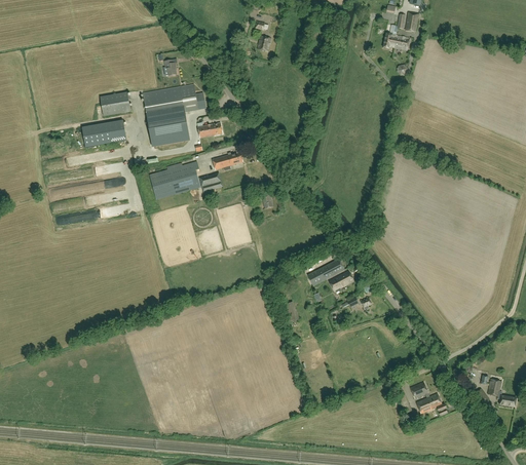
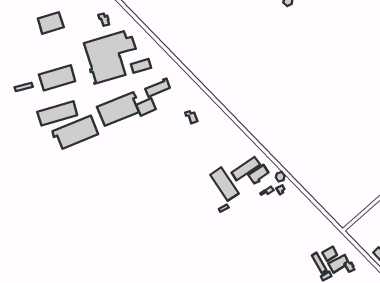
building: [100,91,130,116] -> [38,12,64,34]
building: none -> [37,101,77,126]
building: none -> [53,116,98,149]
building: none -> [210,167,239,201]

